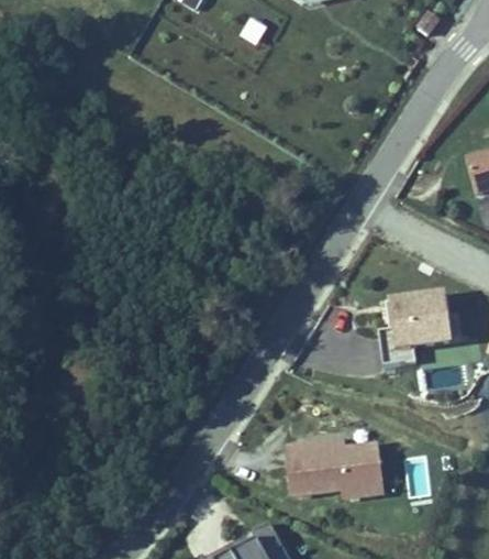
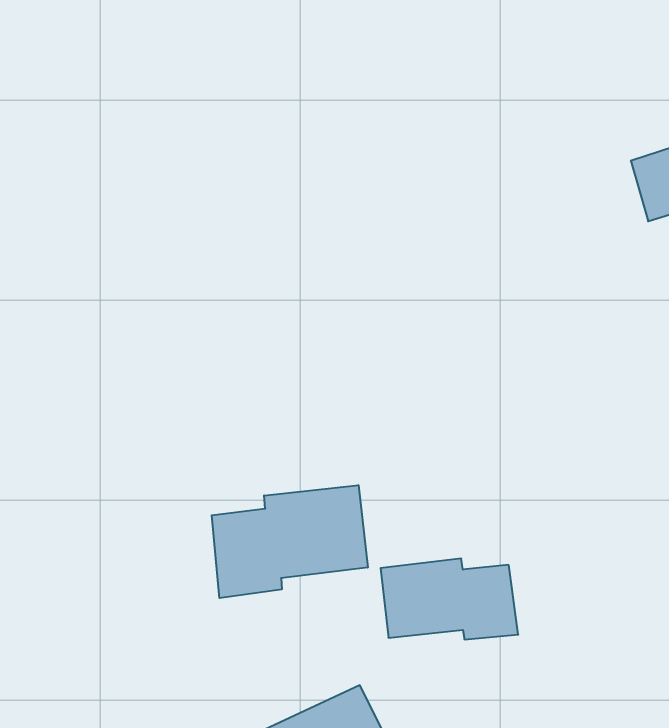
building: [379,292,451,363] -> none
building: none -> [212,485,368,598]

